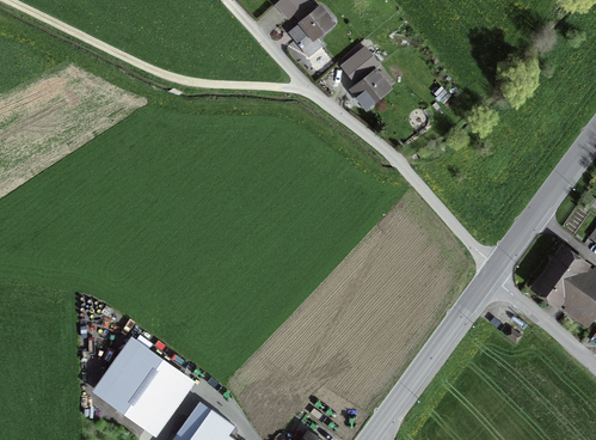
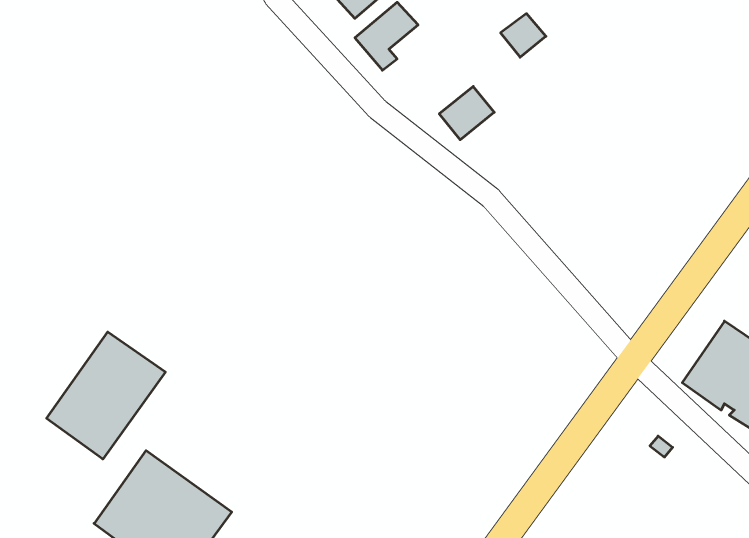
building: [345,48,379,80] -> [501,14,546,57]
building: none -> [47,332,165,459]

